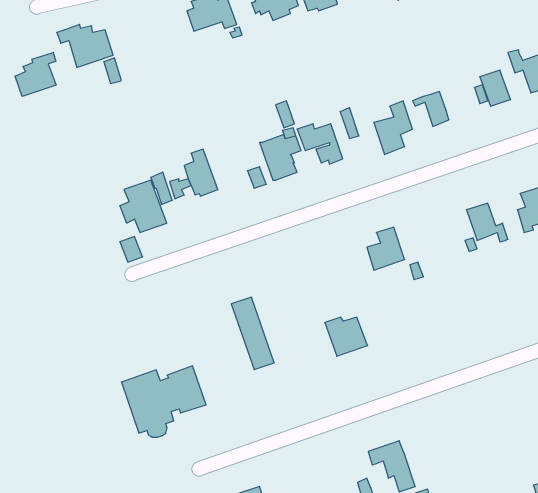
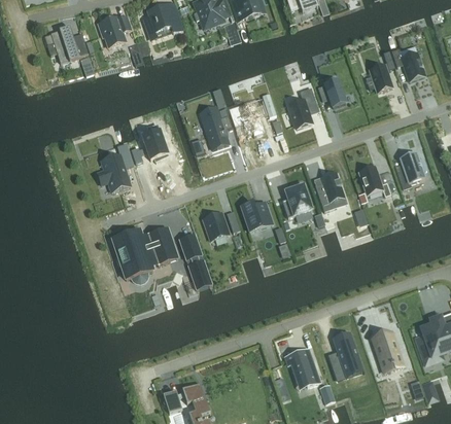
building: none -> [98,14,132,46]
building: [15,52,56,96] -> none
building: none -> [315,172,344,210]
building: none -> [203,211,229,239]
building: [325,317,368,356] -> [240,201,273,231]
building: [121,366,206,437] -> [112,226,177,281]
building: none -> [372,331,401,367]
building: none -> [327,332,363,375]

